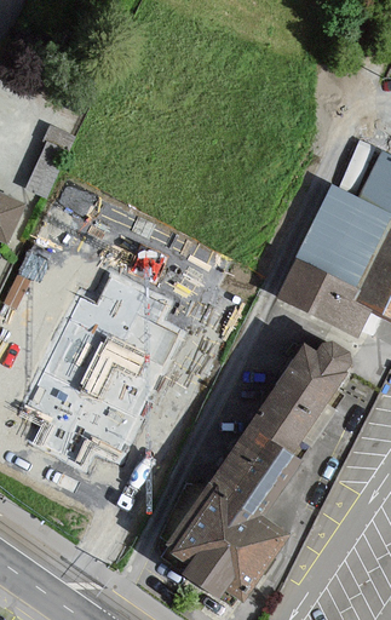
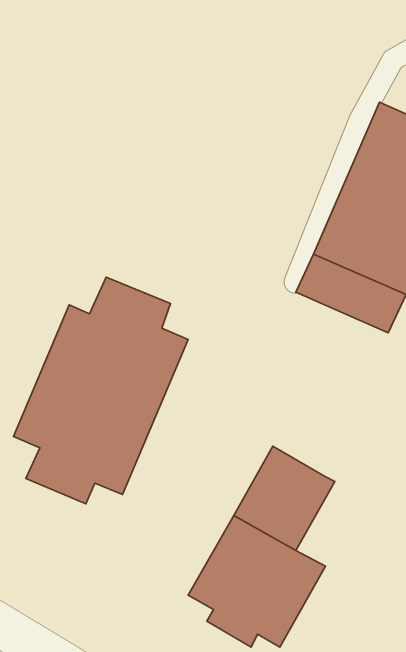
building: [249,339,353,454] -> none

